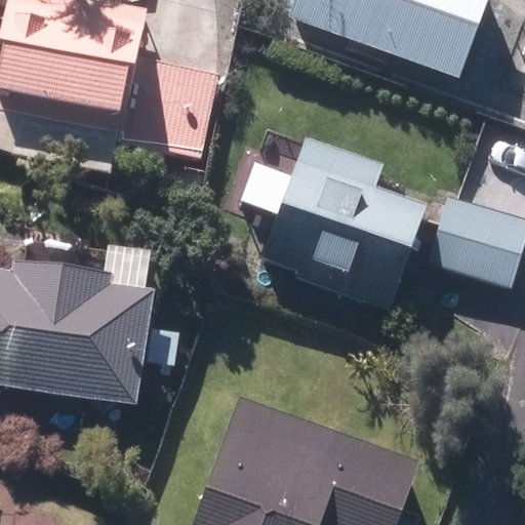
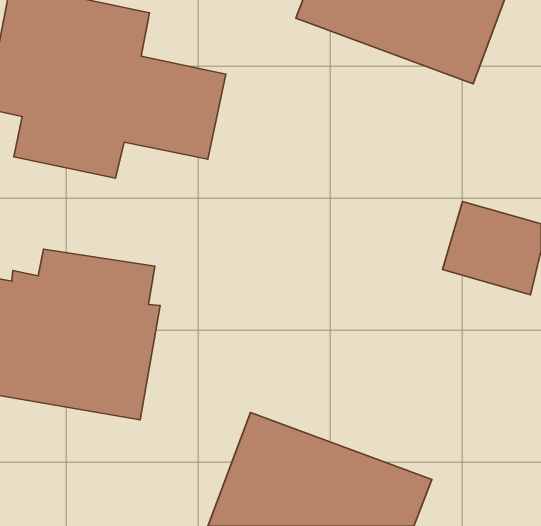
building: [261,137,426,306] -> none

